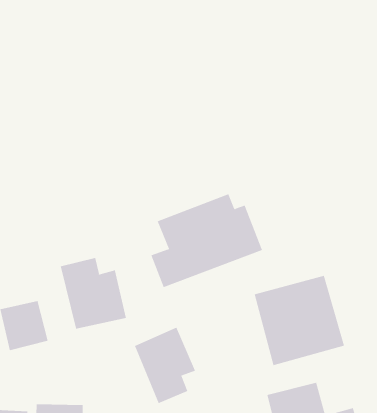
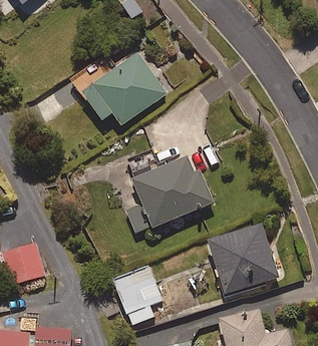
building: none -> [80,51,167,123]
building: [60,257,126,330] -> none

